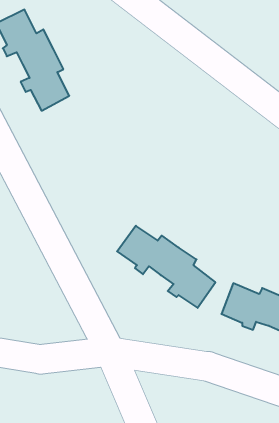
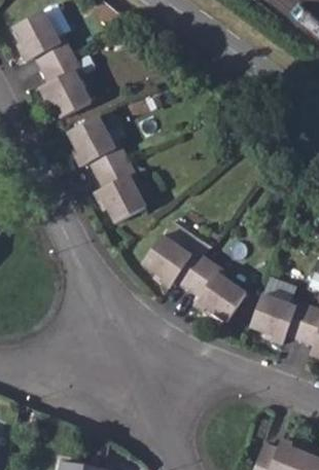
building: none -> [70,115,145,220]

